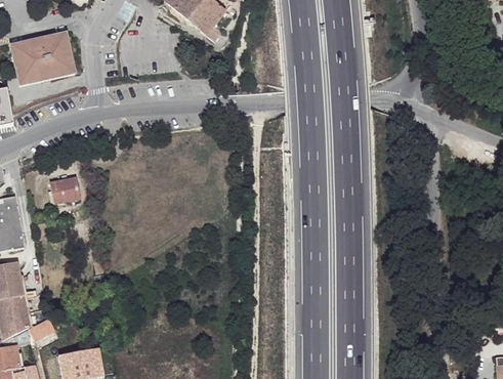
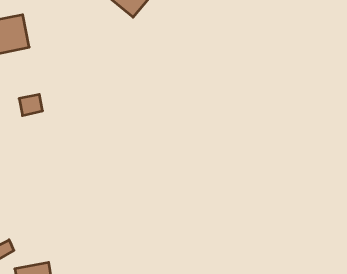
building: [50,176,80,203] -> [19,94,43,116]

